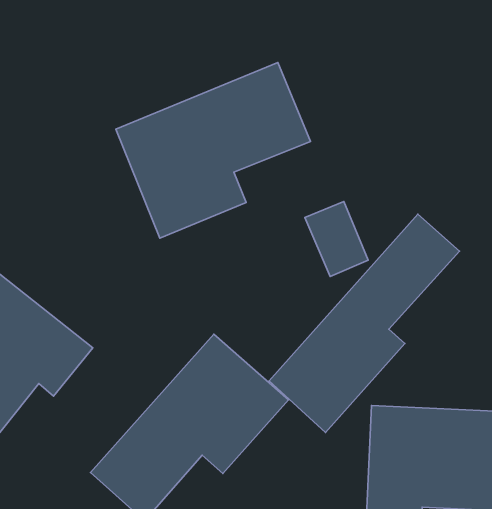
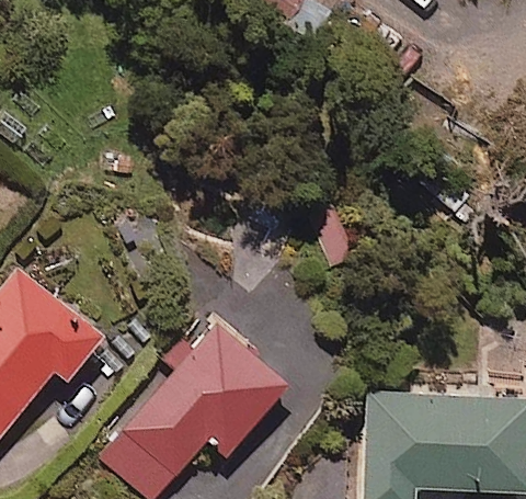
building: [116,62,310,238] -> none
building: [269,214,459,432] -> none

